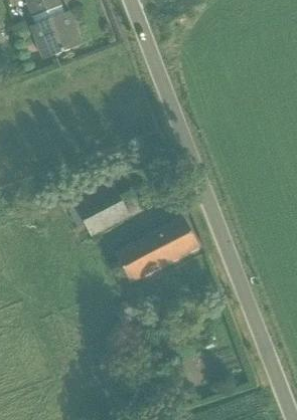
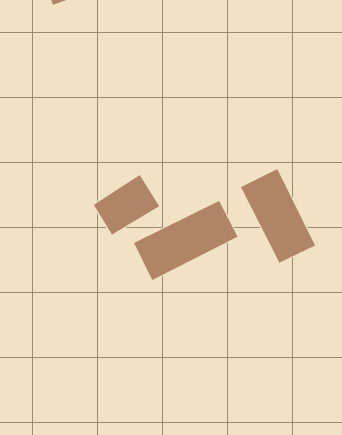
building: none -> [240,168,316,264]

